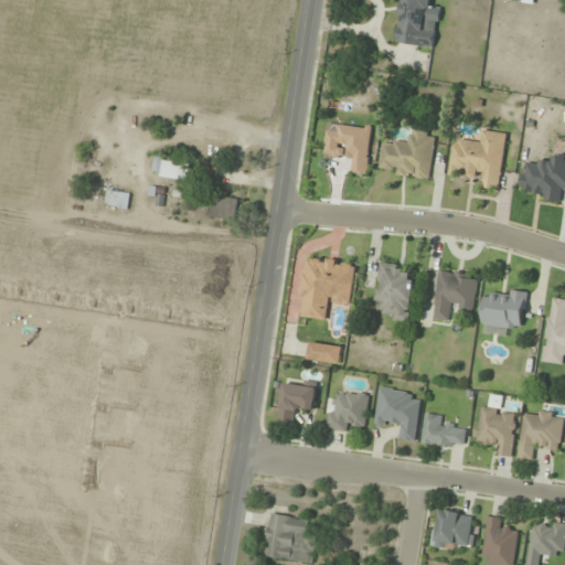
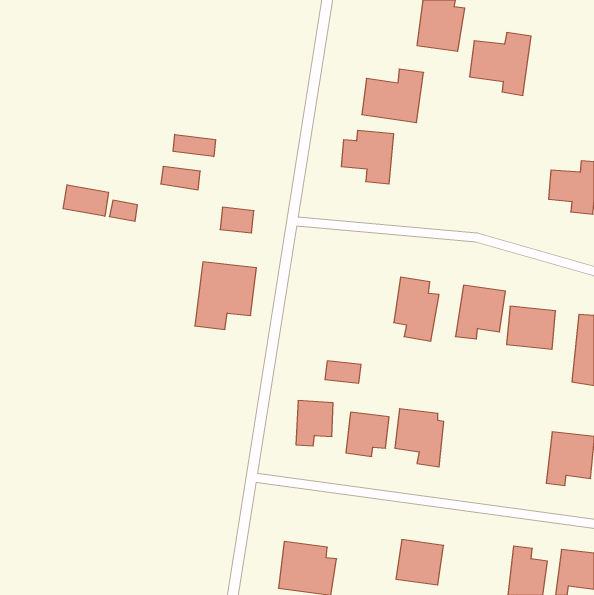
building: none -> [173,134,215,157]
building: [379,129,437,180] -> [362,69,424,123]
building: [449,130,508,190] -> [469,33,531,95]
building: none -> [63,185,109,216]
building: [298,256,356,320] -> [195,262,256,329]
building: [473,396,518,457] -> none
building: [420,414,467,449] -> none
building: [430,509,476,552] -> [396,540,444,585]

